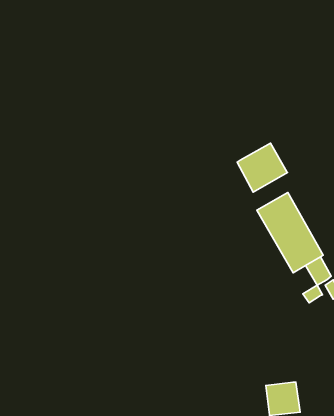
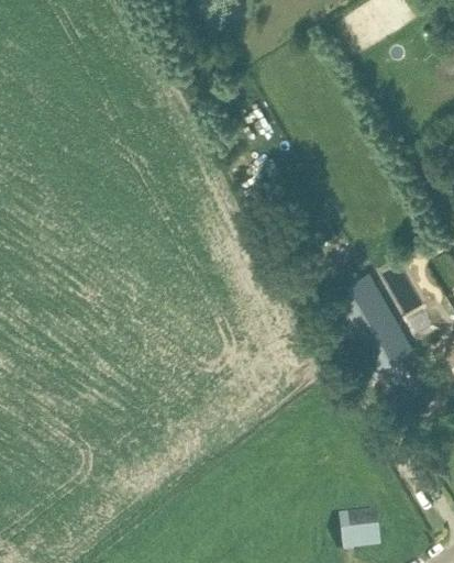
building: [237,143,287,192] -> none

